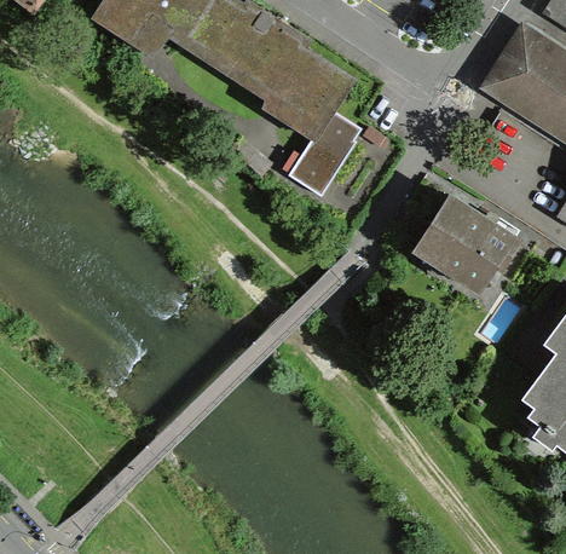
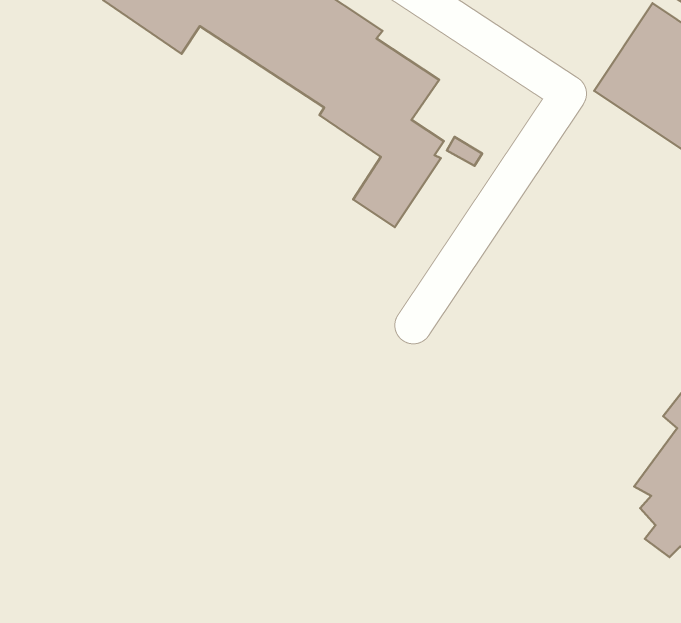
building: [414,194,524,295] -> none

